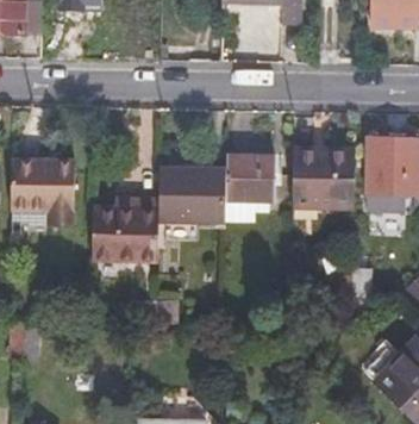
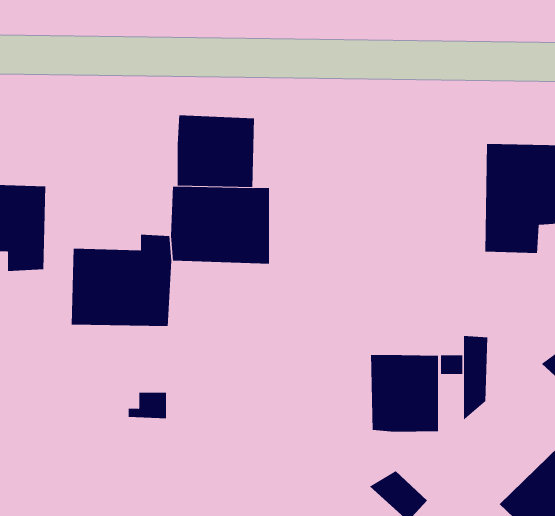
building: [224,146,276,195] -> [177,115,255,188]
building: [294,149,356,204] -> none
building: none -> [371,354,438,432]

